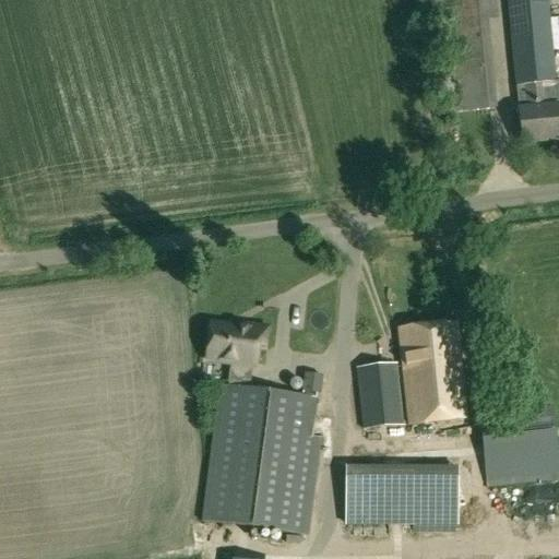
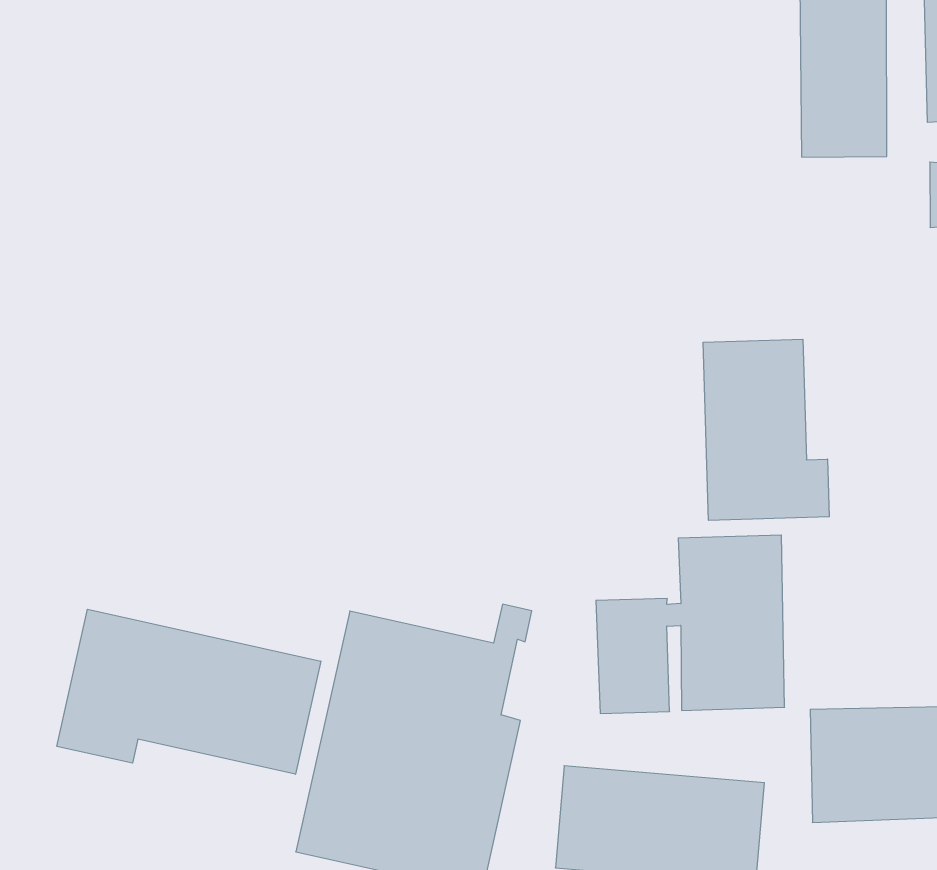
building: none -> [703,339,829,520]
building: [207,322,267,362] -> none
building: none -> [57,609,321,774]

